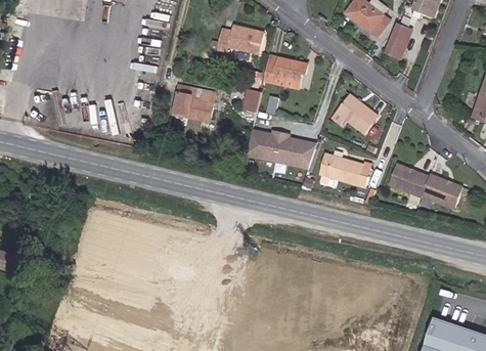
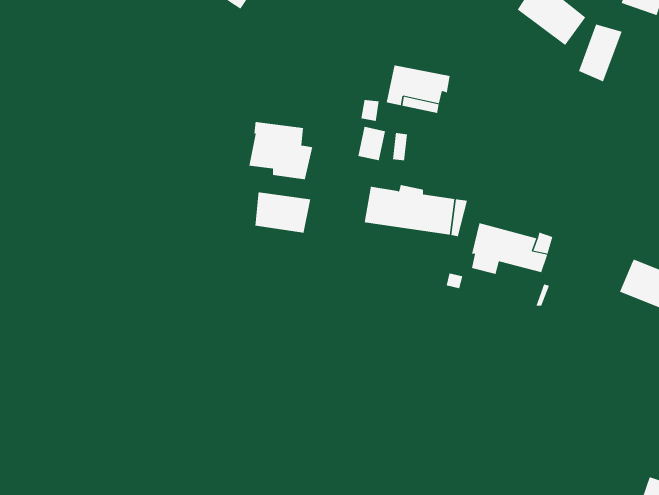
building: [212,26,264,56] -> none
building: [333,94,380,136] -> none
building: none -> [255,191,311,234]
building: [383,167,422,200] -> none

